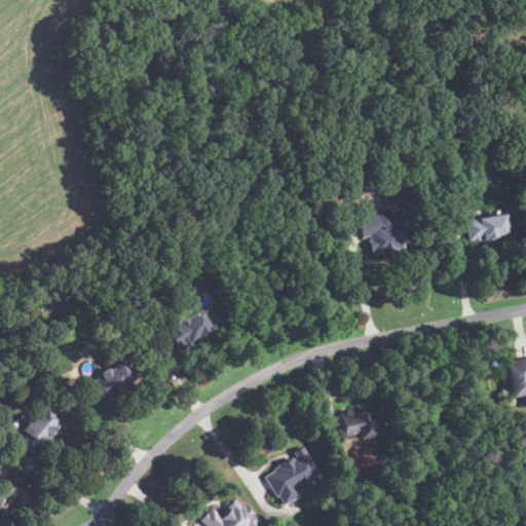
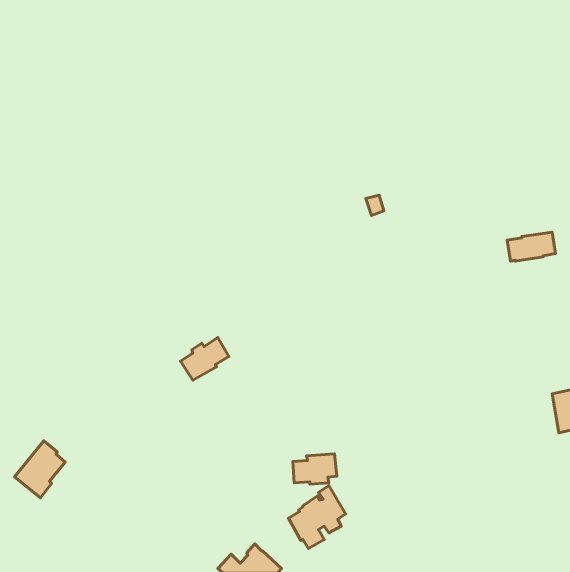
building: [359,208,412,255] -> none
building: [90,361,138,404] -> none
building: [344,409,384,437] -> [293,454,337,484]

